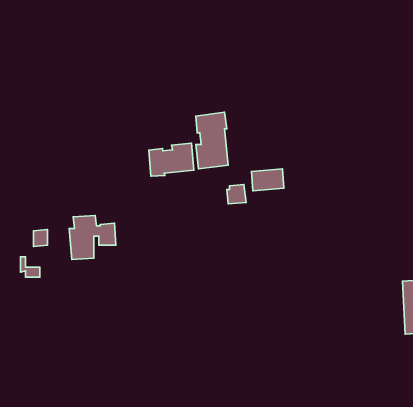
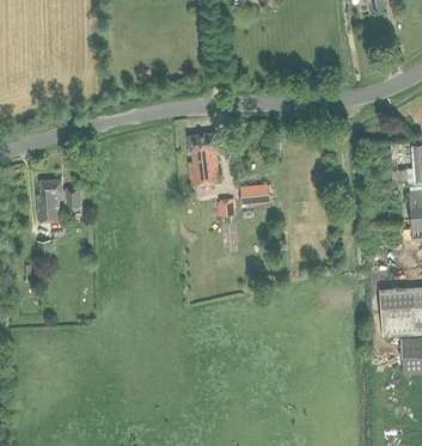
building: [149,143,194,176] -> none
building: [69,216,116,259] -> [37,181,80,221]

